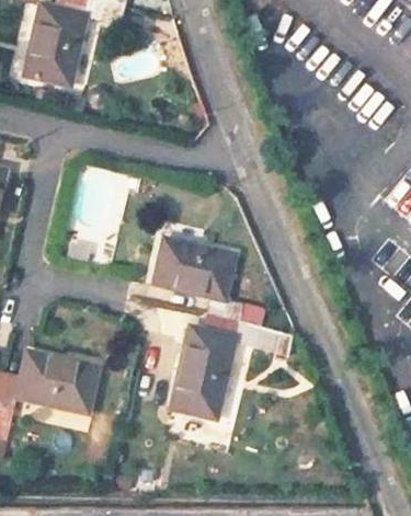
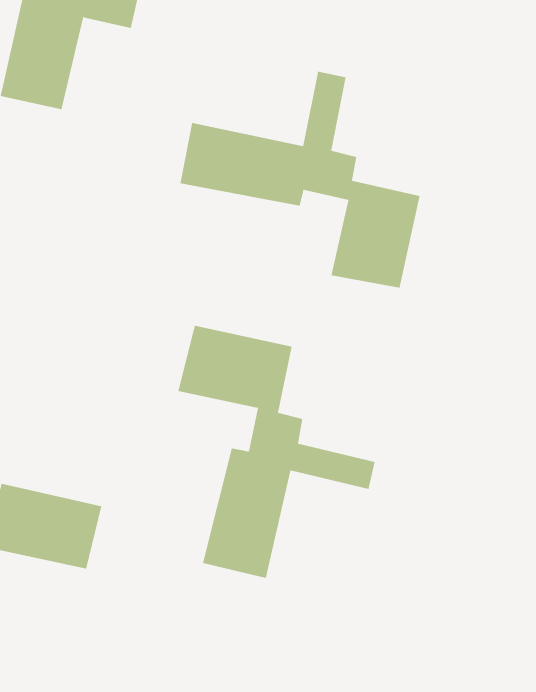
building: none -> [180,71,420,289]

